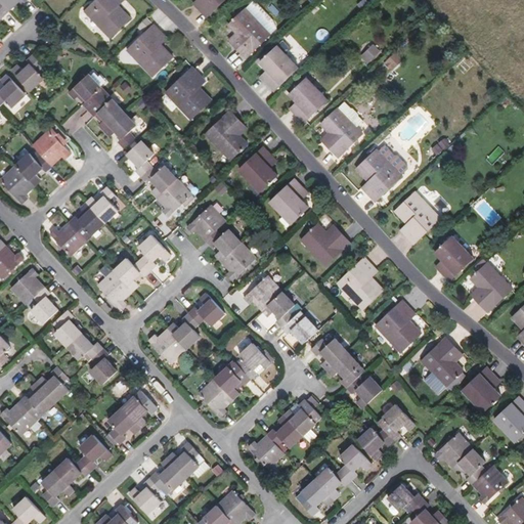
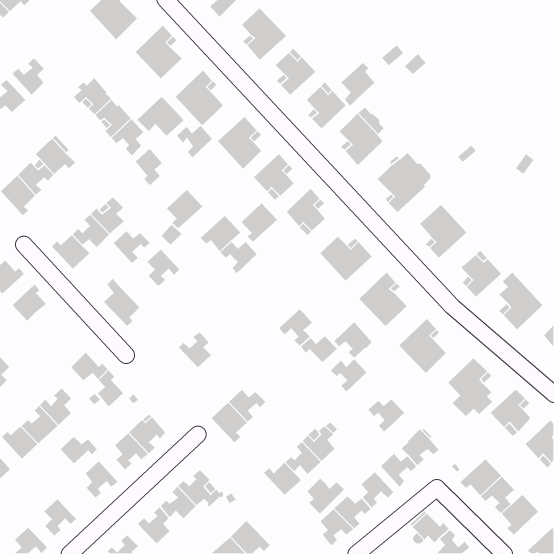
building: none -> [340,62,376,107]
building: none -> [136,96,185,137]
building: [141,165,176,196] -> [176,125,213,159]
building: [223,239,258,277] -> [241,202,278,243]
building: [114,258,149,290] -> [113,230,151,264]
building: [244,275,282,309] -> none
building: [32,287,57,322] -> none
building: [188,293,224,324] -> none
building: [54,310,81,346] -> none
building: [148,328,186,362] -> none
building: [239,343,271,379] -> none
building: [326,351,363,386] -> [333,322,373,358]
building: none -> [307,478,345,514]
building: [54,457,90,484] -> [60,436,98,464]

